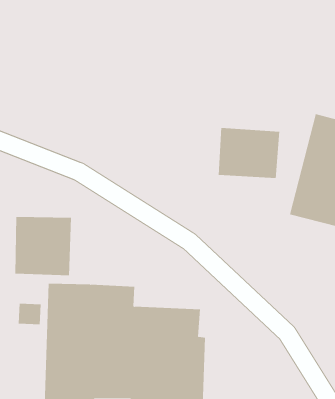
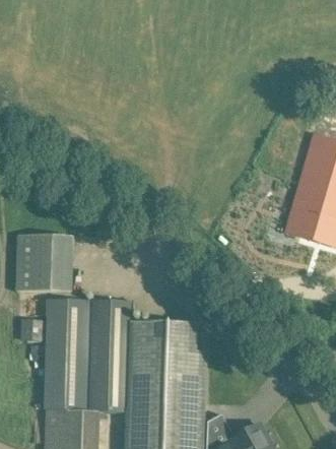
building: [218,127,280,179] -> none

